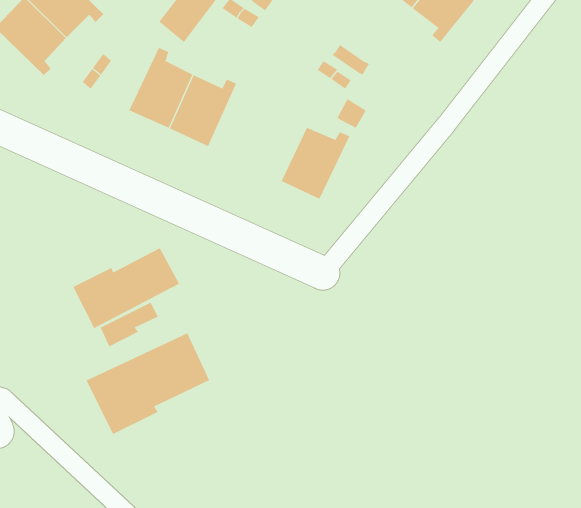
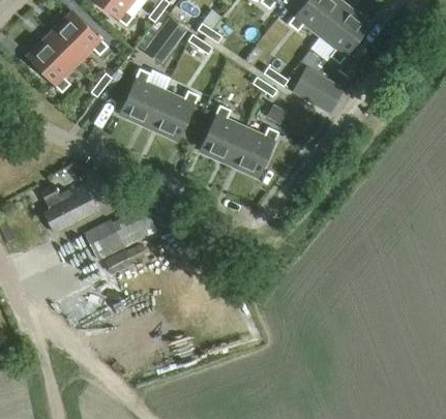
building: none -> [291,65,345,114]
building: none -> [200,103,244,159]
building: none -> [41,184,97,234]
building: [86,332,210,435] -> none

